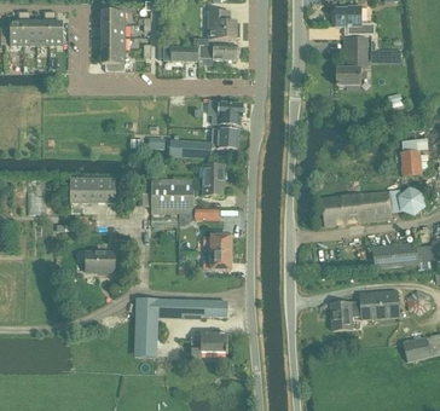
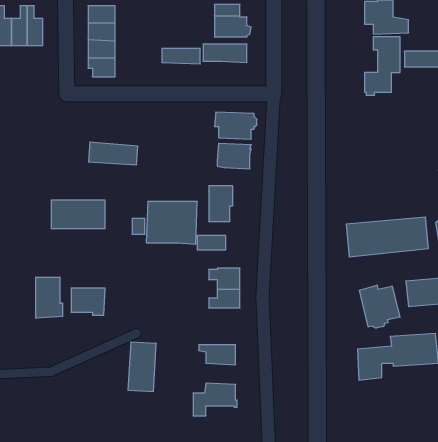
building: [168,139,210,158] -> [88,142,138,165]
building: none -> [36,277,62,318]
building: none -> [359,285,400,328]

